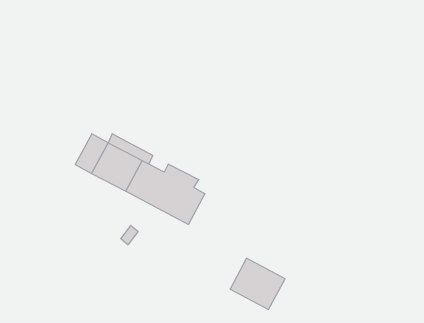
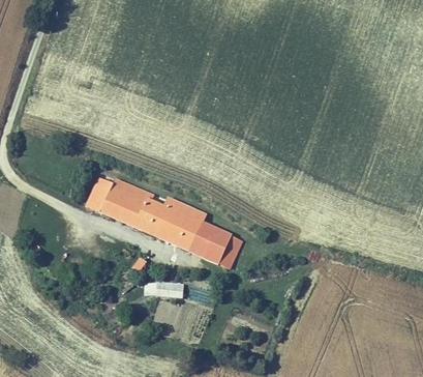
building: none -> [154,283,185,299]
building: [230,258,285,309] -> [192,224,242,269]

